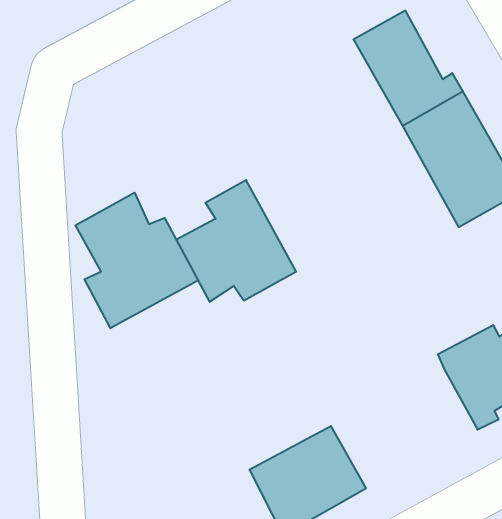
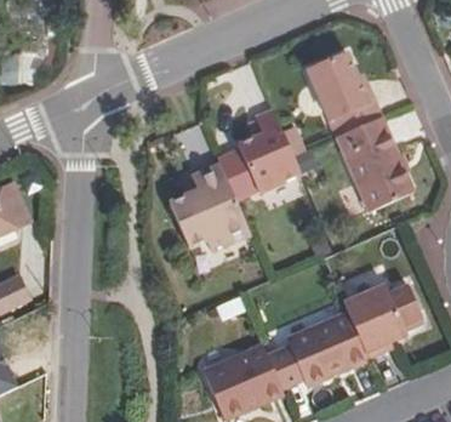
building: none -> [236,110,301,190]
building: [75,193,198,328] -> none
building: none -> [286,310,369,383]

